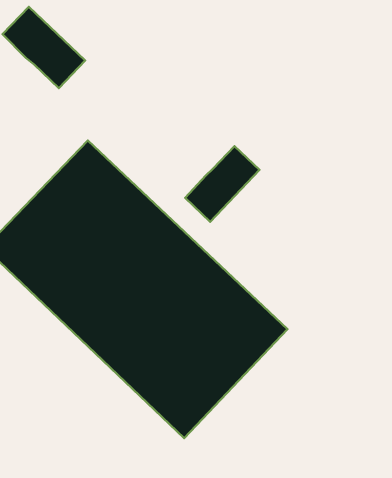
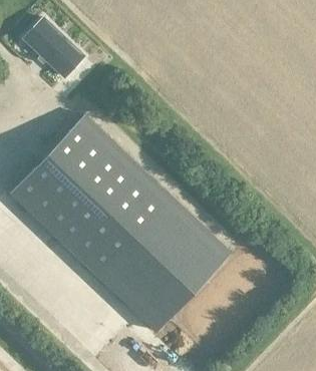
building: [185,146,260,222] -> none

